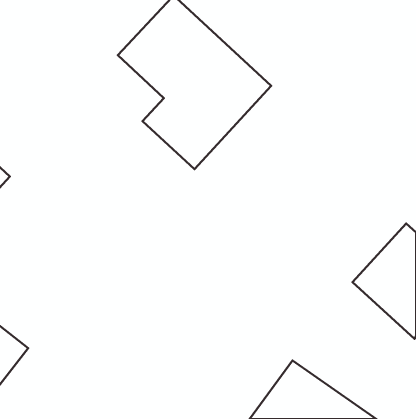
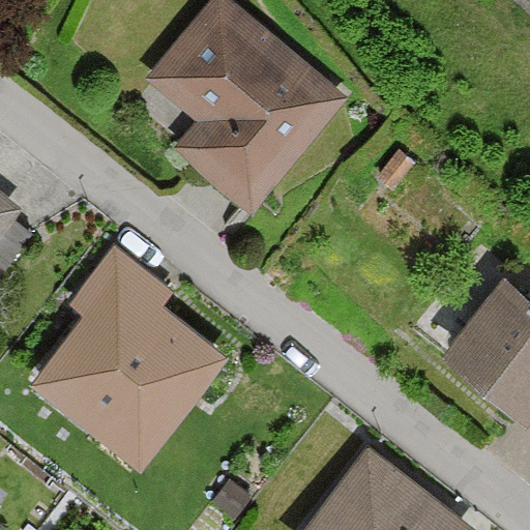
building: none -> [35,274,227,467]

